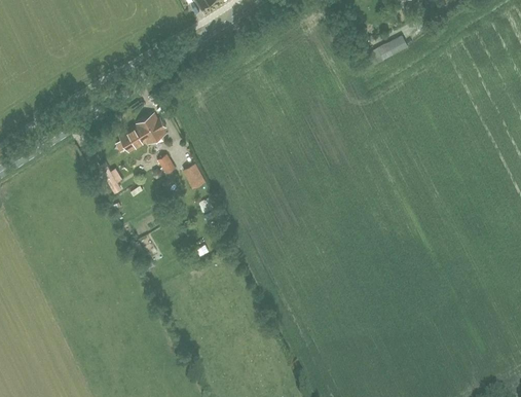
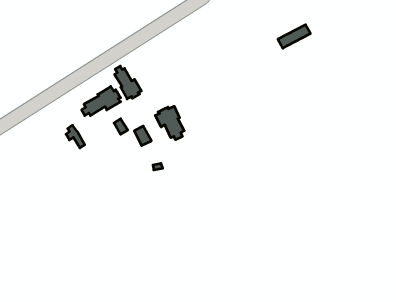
building: none -> [115,66,141,99]
building: none -> [155,106,184,140]

